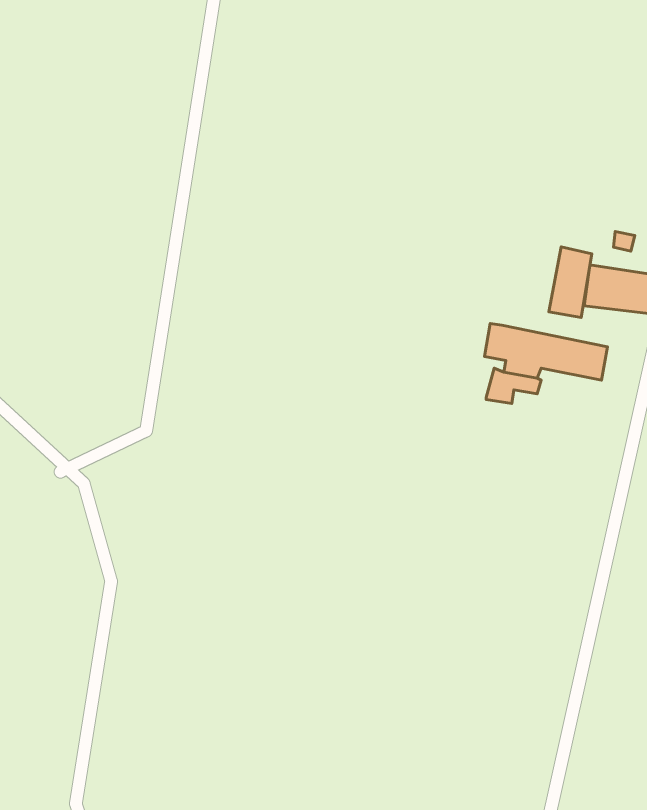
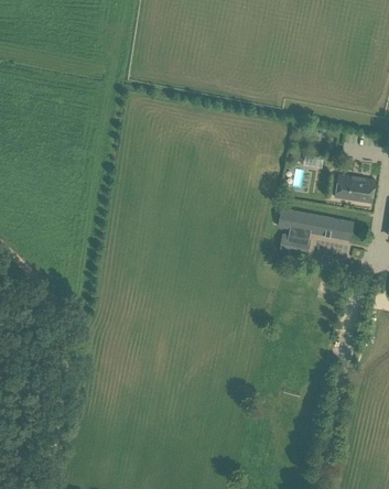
building: [549,247,592,317] -> none

